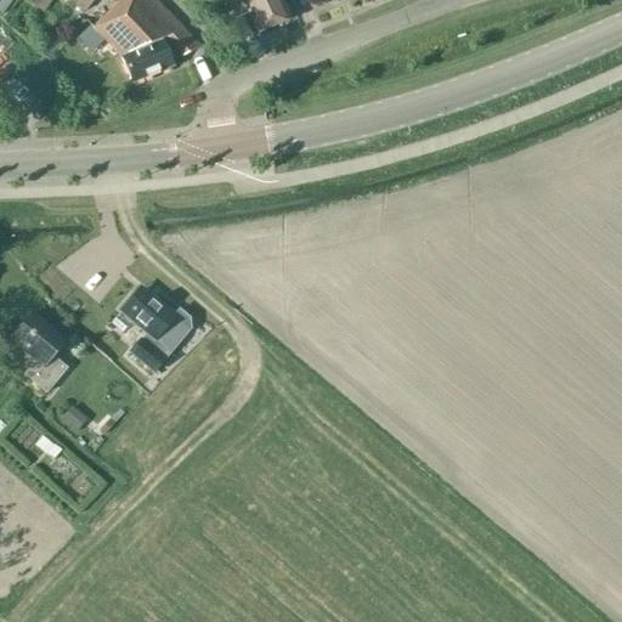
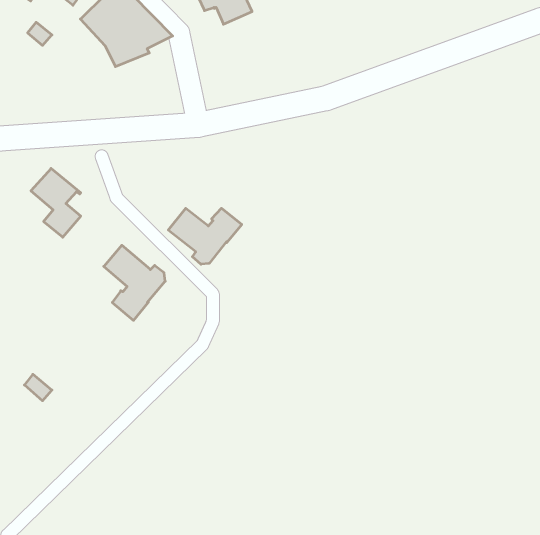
building: none -> [168,208,242,264]
building: [10,309,67,388] -> [31,168,81,237]

